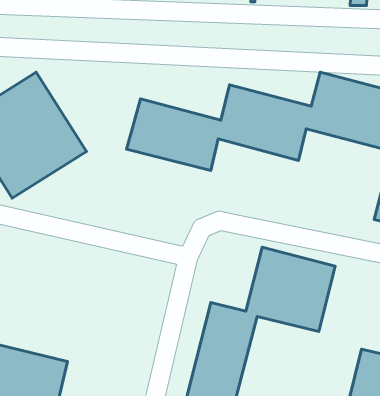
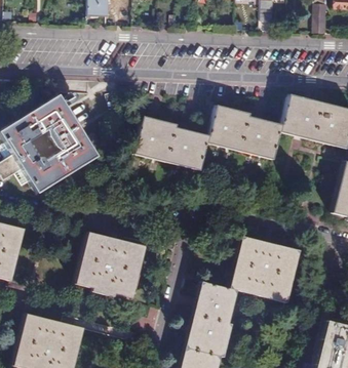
building: none -> [74,229,145,295]

